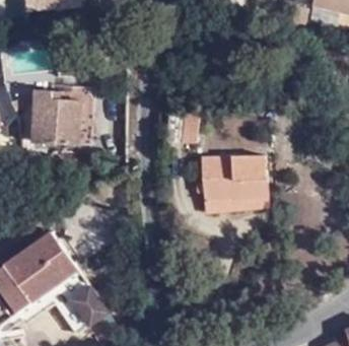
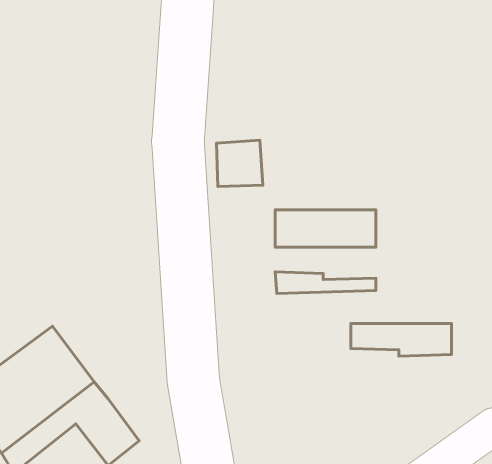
building: [37,84,82,138] -> none
building: [201,183,267,204] -> [351,324,451,356]

